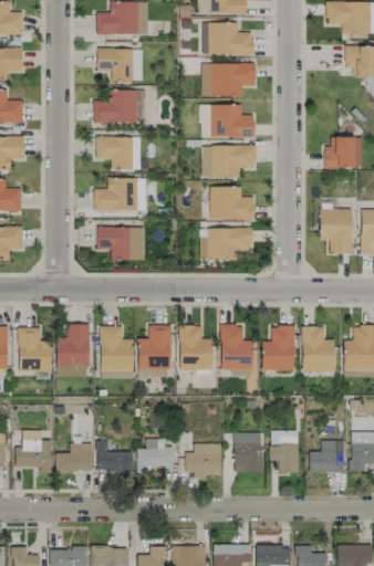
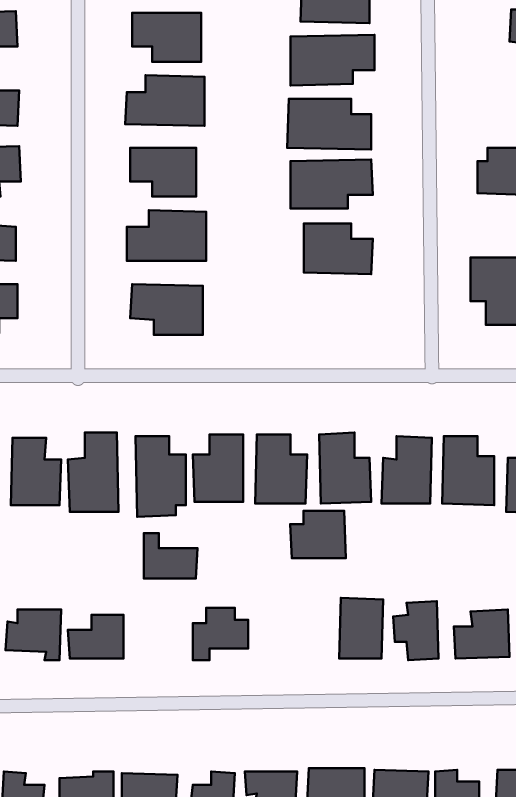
building: [199,228,252,260] -> none
building: [97,441,133,471] -> [144,533,198,579]
building: [185,443,221,474] -> [290,511,346,558]

